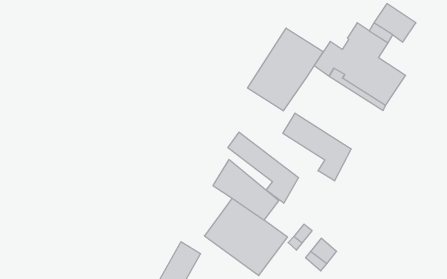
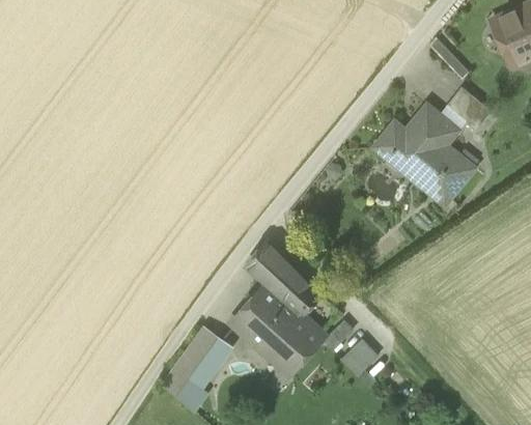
building: [248,28,323,111] -> none
building: [283,113,351,181] -> none
building: [228,132,299,203] -> none

